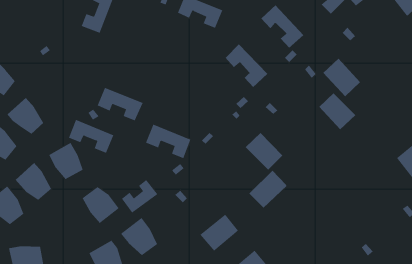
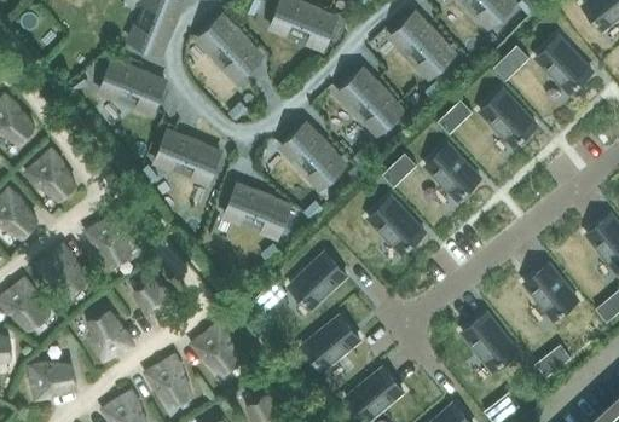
building: none -> [198,16,261,80]
building: none -> [536,36,591,93]
building: none -> [282,123,345,187]
building: [319,93,356,130] -> [426,145,480,200]
building: [68,119,114,154] -> [99,62,166,111]
building: [248,170,288,208] -> [289,253,346,308]
building: none -> [523,264,577,319]
building: [121,179,158,214] -> none
building: none -> [86,310,137,365]
building: none -> [462,313,516,370]

